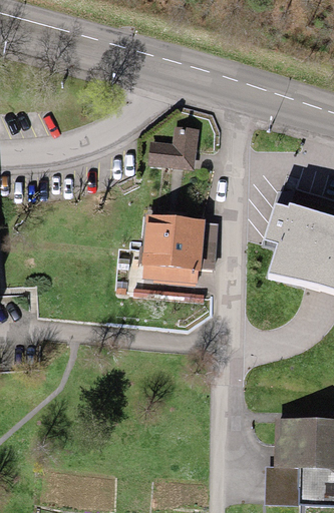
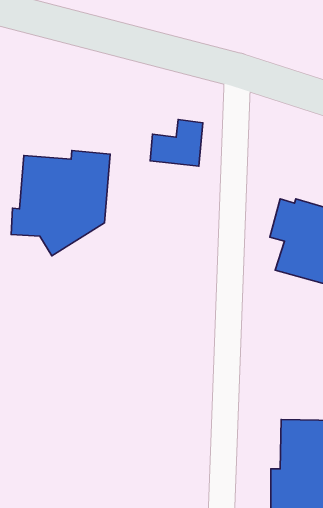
building: none -> [11,150,110,256]
building: [140,213,218,286] -> none

